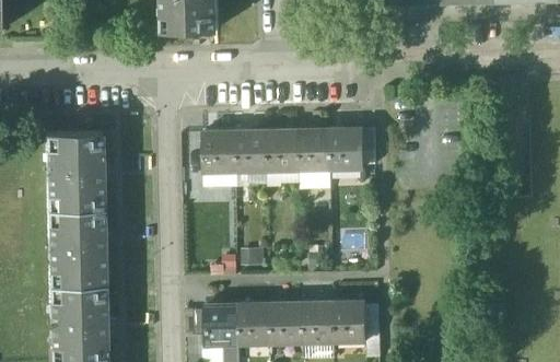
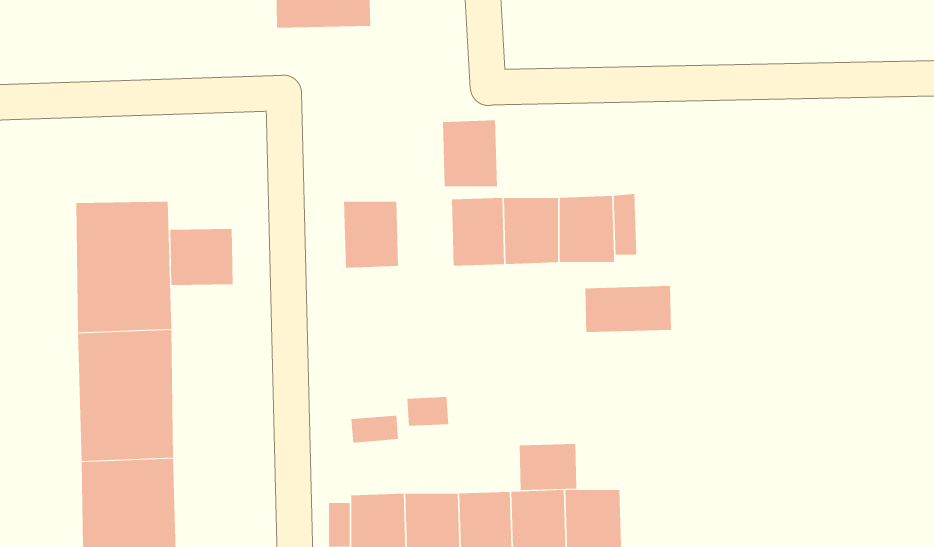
building: [237,130,270,170] -> [442,120,498,187]
building: none -> [170,228,233,286]
building: none -> [585,285,671,333]
building: none -> [519,443,577,491]

